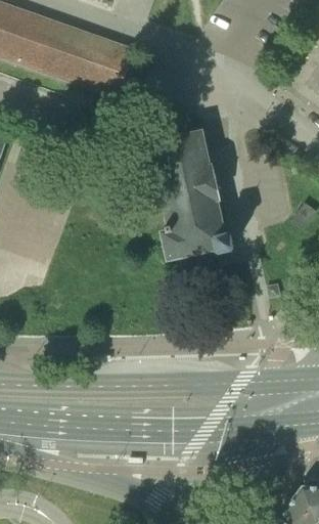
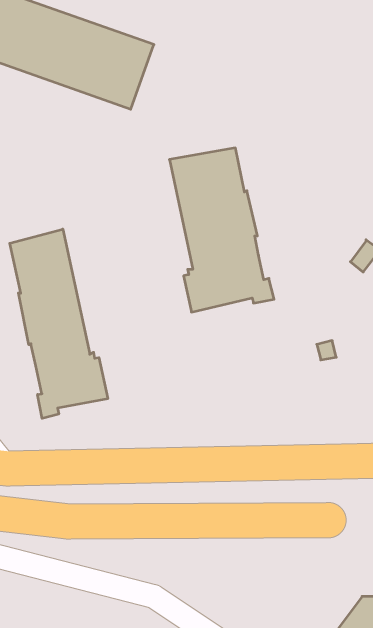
building: none -> [10,229,108,418]

